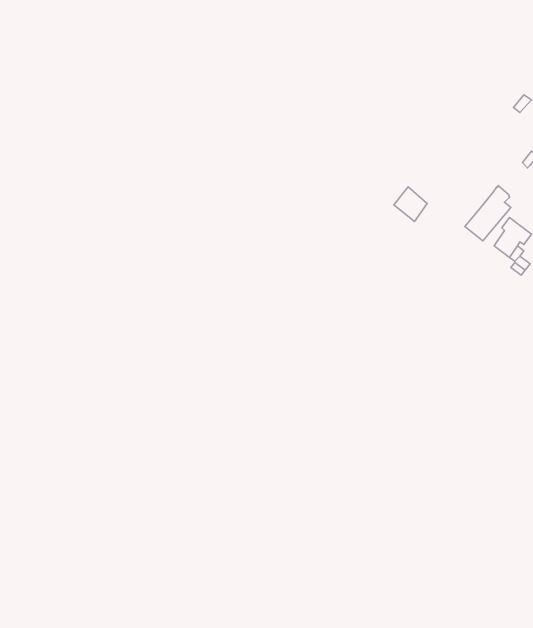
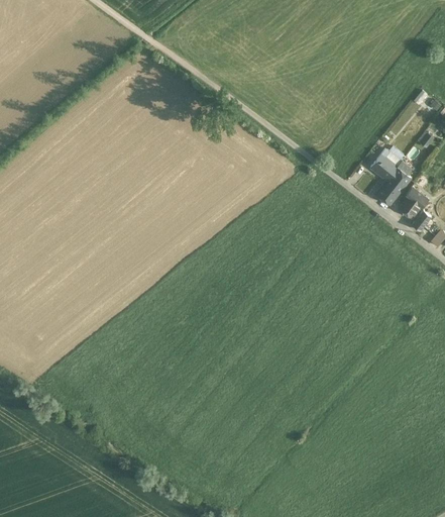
building: [394,187,427,221] -> [370,152,397,180]

